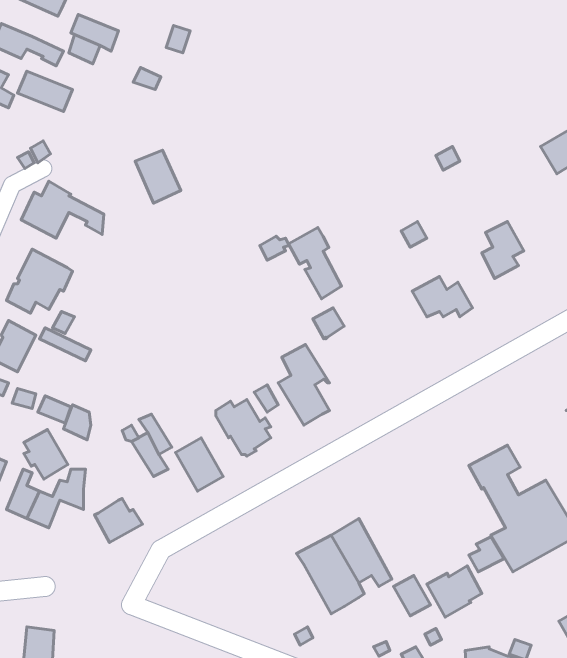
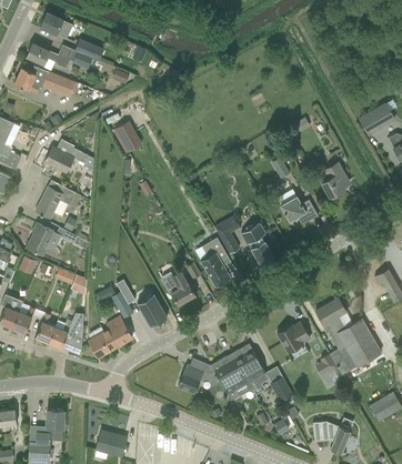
building: [288,227,342,299] -> [241,222,273,265]
building: [24,430,68,479] -> [105,316,132,346]
building: none -> [178,364,215,393]
building: [427,566,482,617] -> [277,322,310,353]

